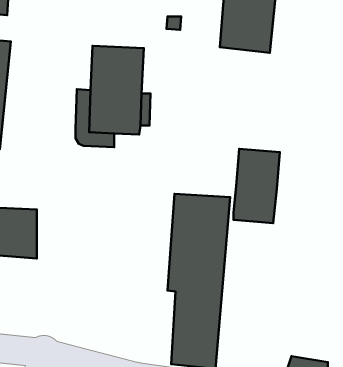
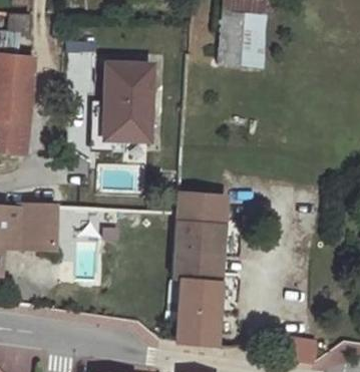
building: [234,149,280,223] -> none

